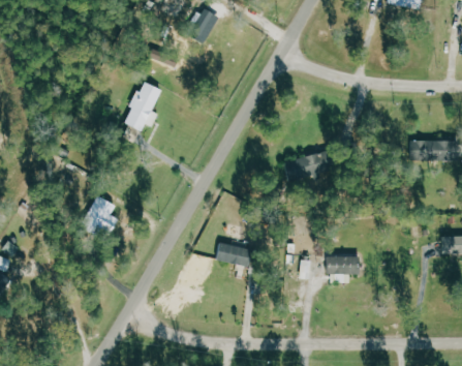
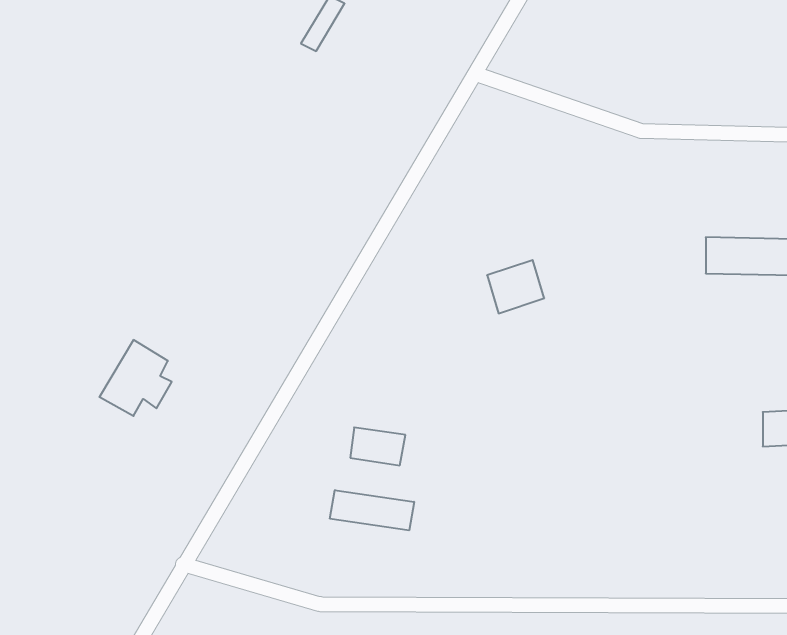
building: [125,81,163,131] -> none
building: [327,255,359,282] -> none
building: none -> [330,490,414,530]

